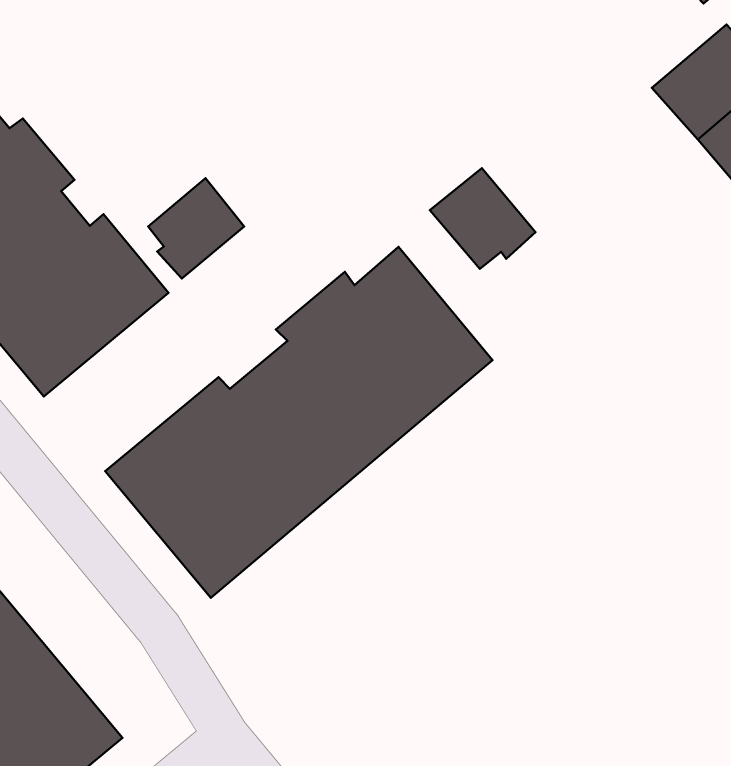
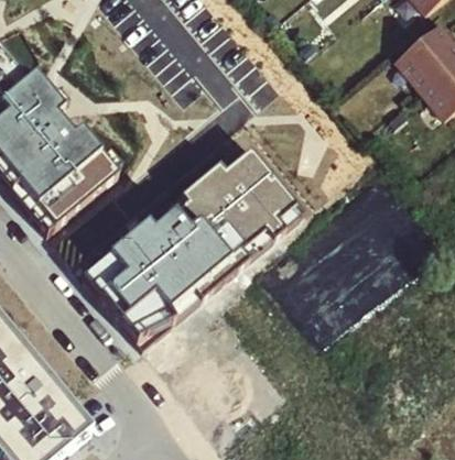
building: [430,168,535,269] -> none
building: [148,178,244,278] -> none

